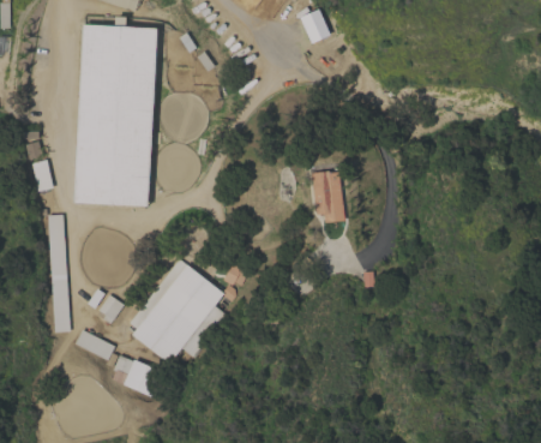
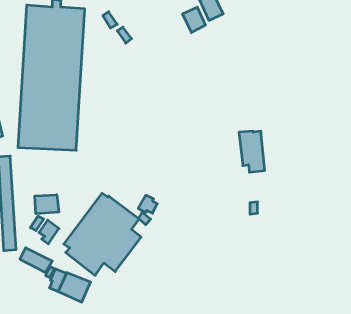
building: none -> [183,7,205,33]
building: [313,172,345,223] -> [239,131,265,172]
building: none -> [35,195,59,214]

